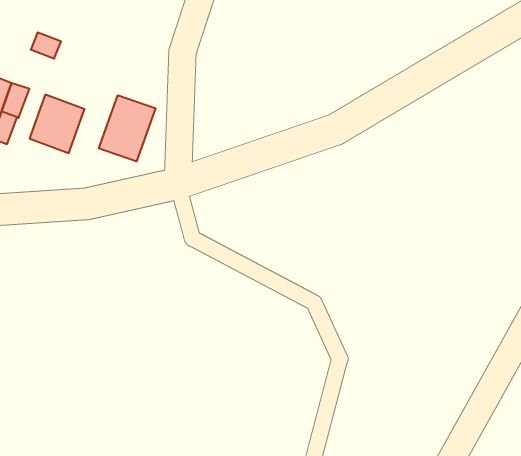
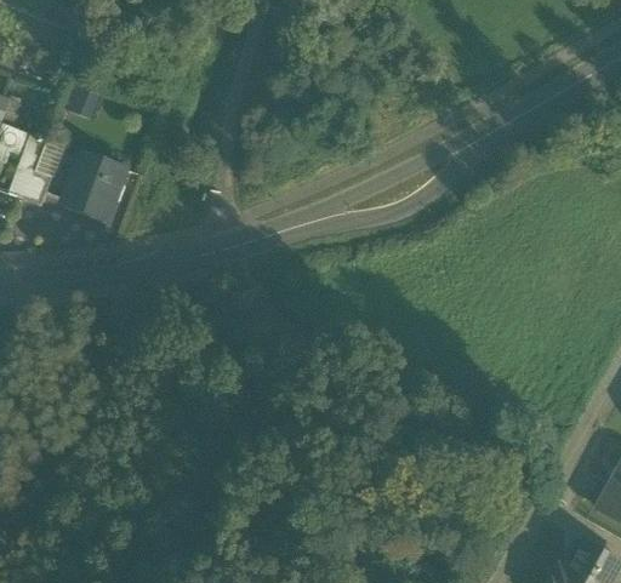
building: [99,95,155,161] -> none

